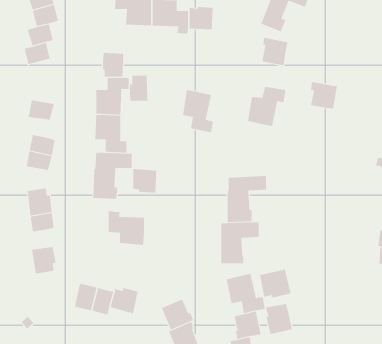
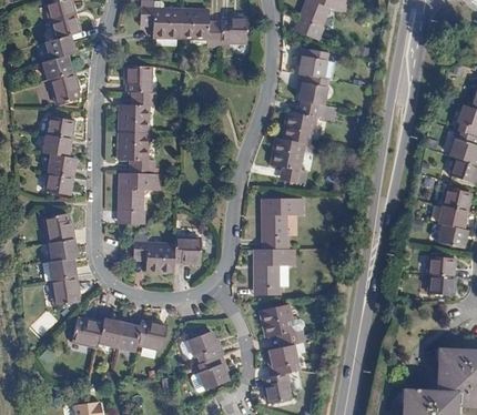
building: none -> [50,70,79,101]
building: [129,75,148,101] -> none
building: [310,82,338,109] -> [300,74,329,104]
building: [182,90,214,133] -> [273,138,307,184]
building: none -> [43,134,71,156]
building: [132,168,157,193] -> [173,237,200,264]
building: none -> [47,255,74,277]
building: [260,269,291,298] -> none
building: none -> [70,314,101,344]
building: [265,303,292,335] -> none

